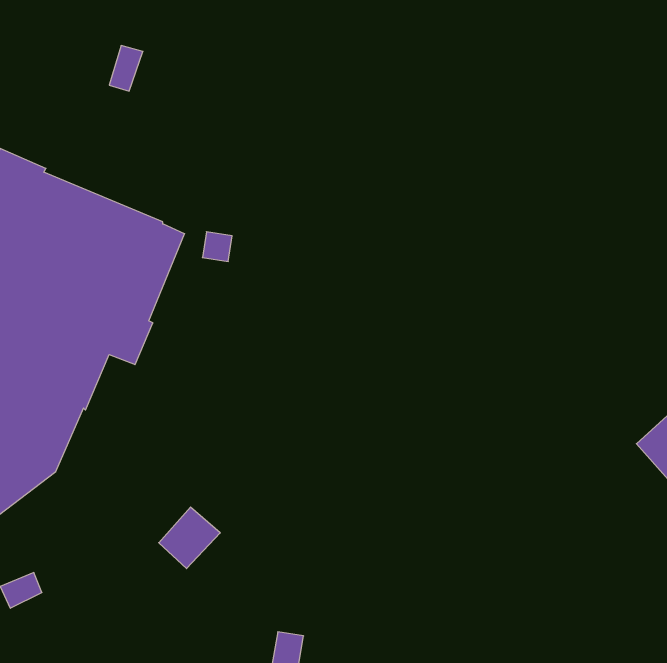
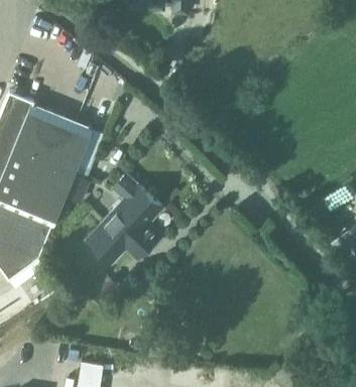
building: none -> [89,175,162,263]

